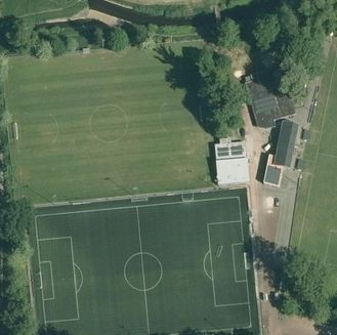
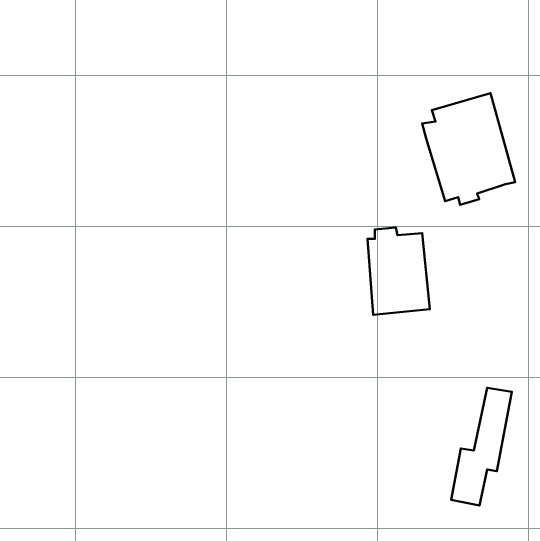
building: [263,124,296,187] -> [451,388,512,505]

